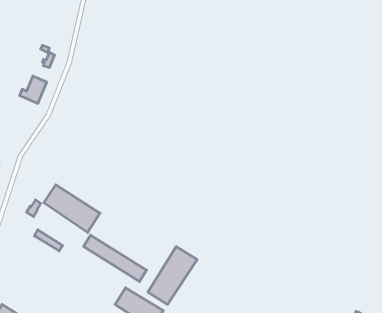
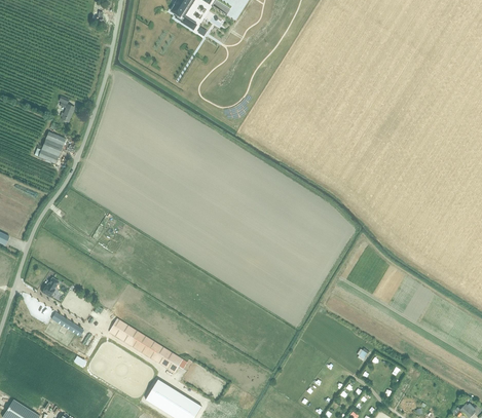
building: [44,185,100,233] -> none
building: [148,247,197,304] -> none

